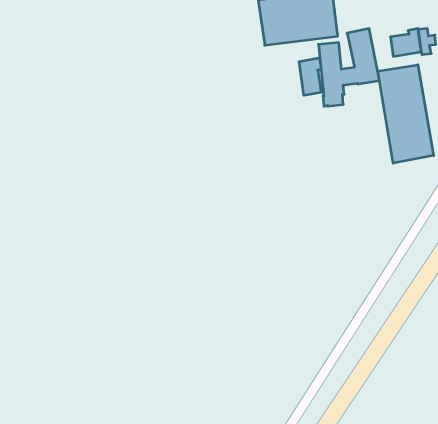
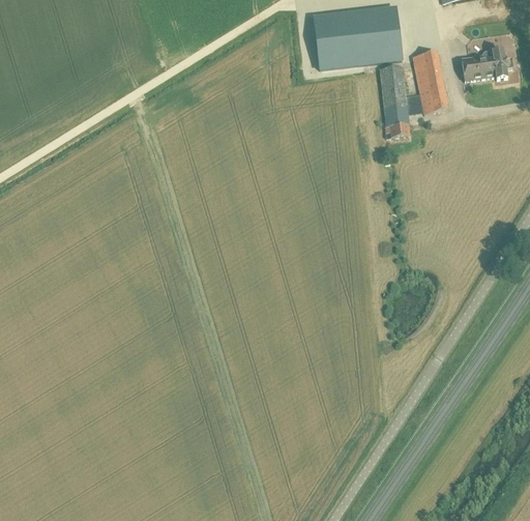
building: [299,58,321,95] -> none
building: [378,65,434,163] -> none

